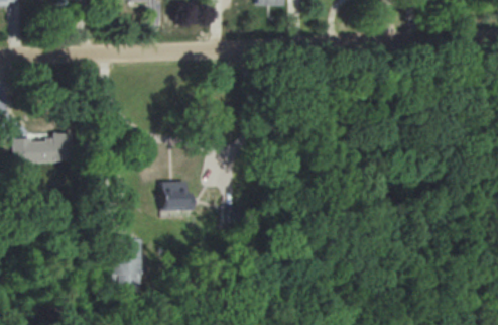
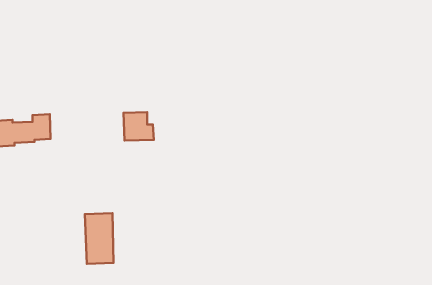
building: [162,180,195,210] -> [123,112,154,141]

